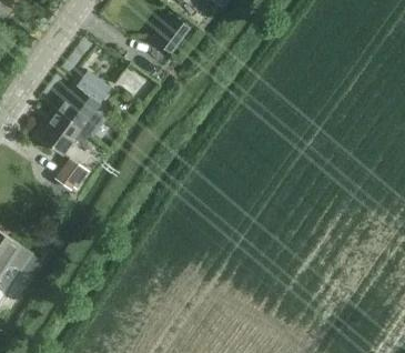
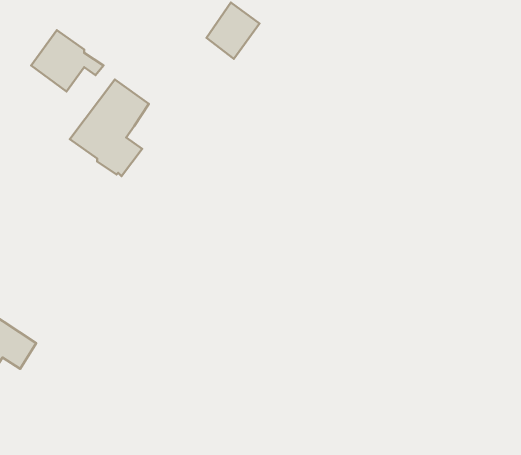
building: [38,113,88,155] -> [31,30,104,91]
building: [54,159,89,191] -> none

